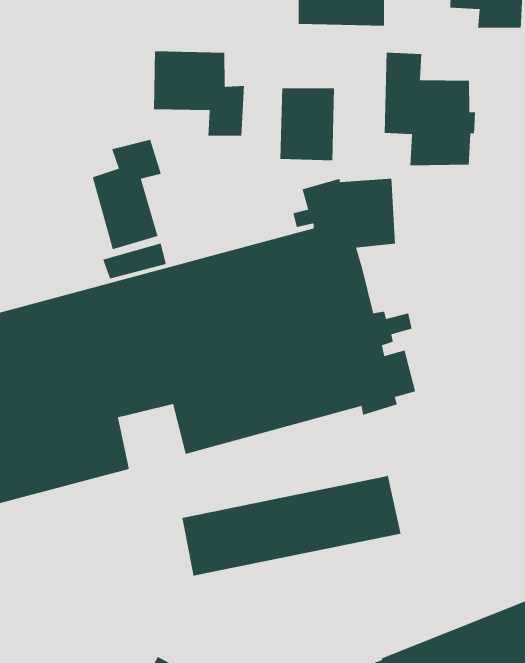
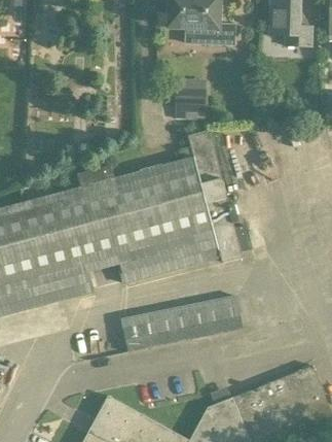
building: [153,50,245,136] -> none
building: [384,52,476,166] -> none
building: [92,139,162,250] -> none

